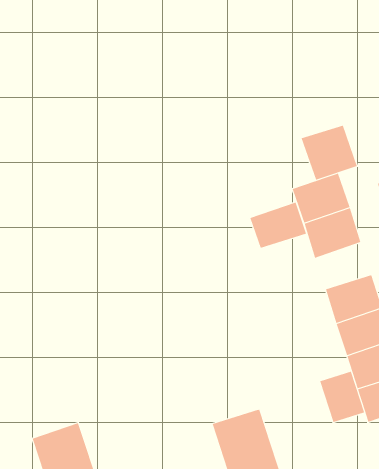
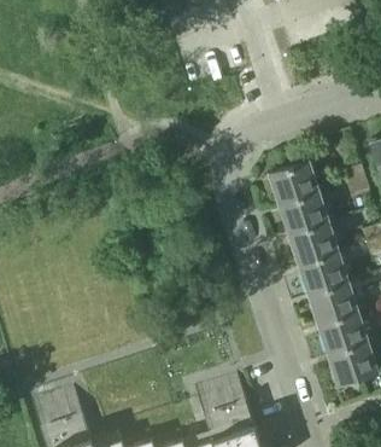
building: [301,125,357,181] -> none
building: [250,202,307,249] -> [287,224,339,266]
building: [320,371,365,423] -> none

